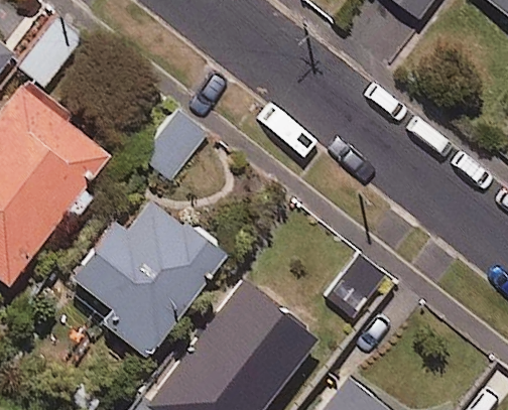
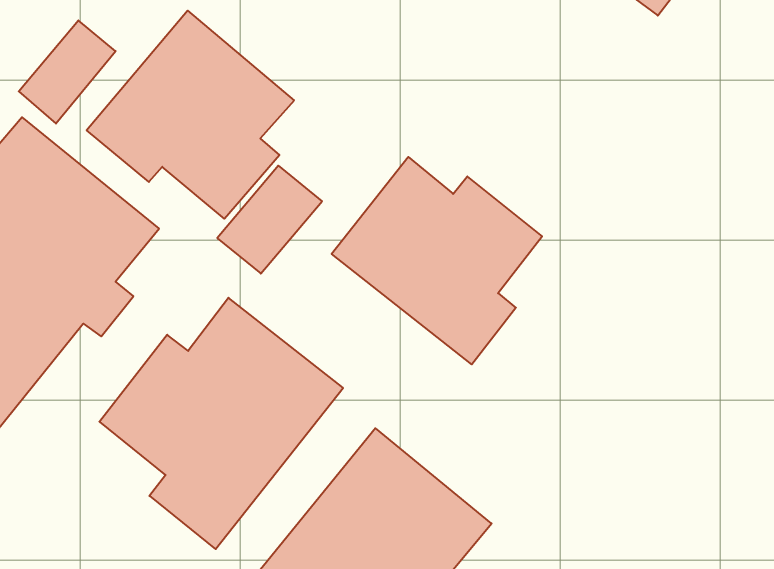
building: none -> [87,11,294,219]
building: none -> [332,157,542,364]

